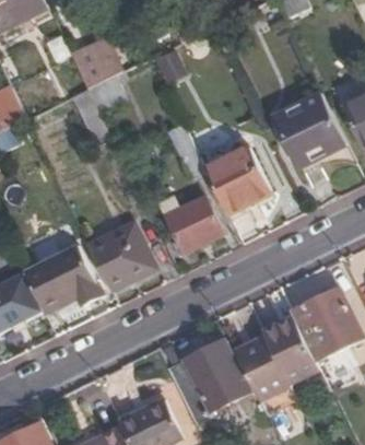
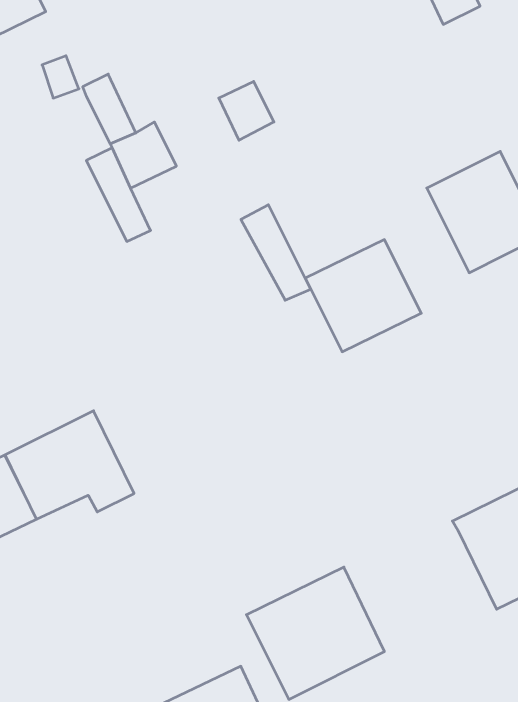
building: [165,197,223,254] -> none
building: [89,224,155,291] -> none
building: [237,317,318,399] -> none

